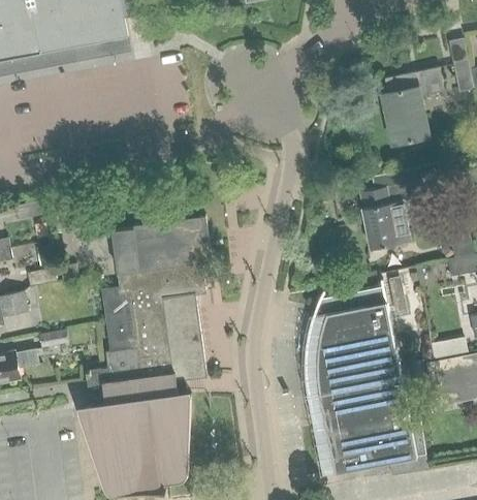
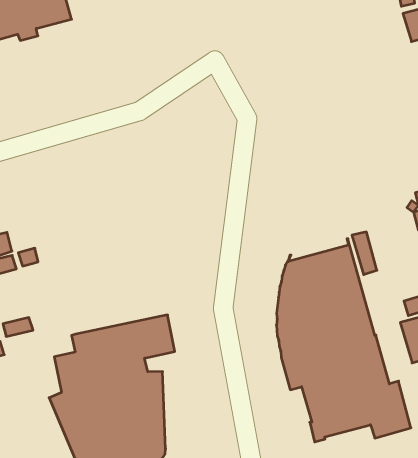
building: [384,67,445,144] -> none
building: [361,168,422,249] -> none
building: [102,216,212,350] -> none

